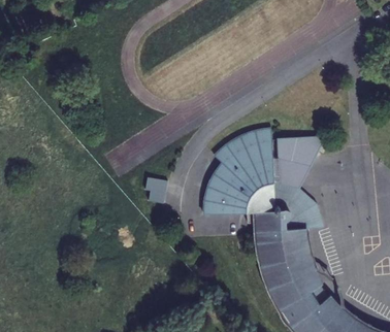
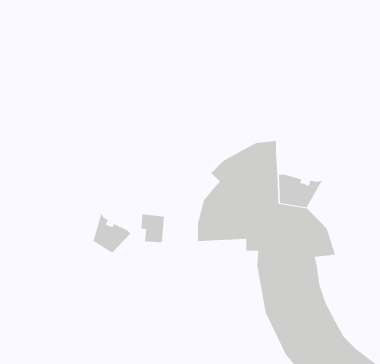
building: [277,137,324,166] -> none
building: none -> [93,212,131,254]

